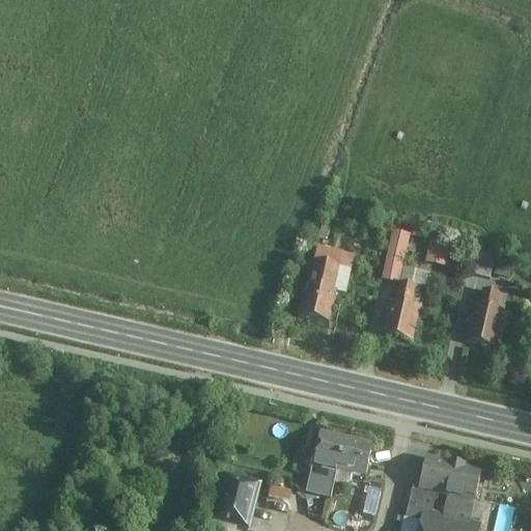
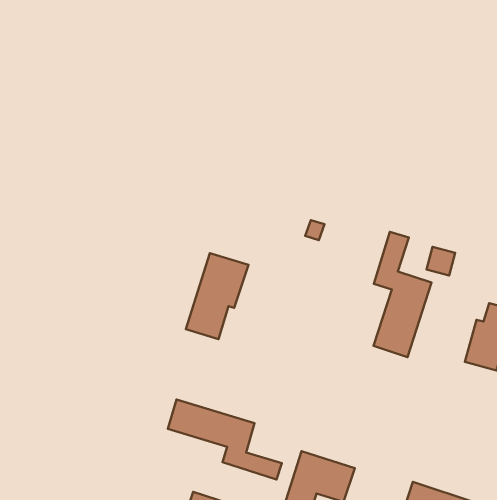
building: [298,245,351,322] -> [186,253,248,339]
building: none -> [168,399,282,479]

